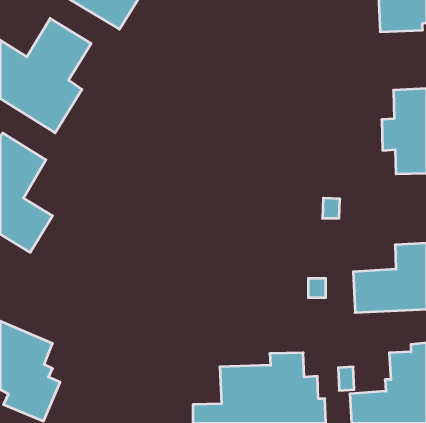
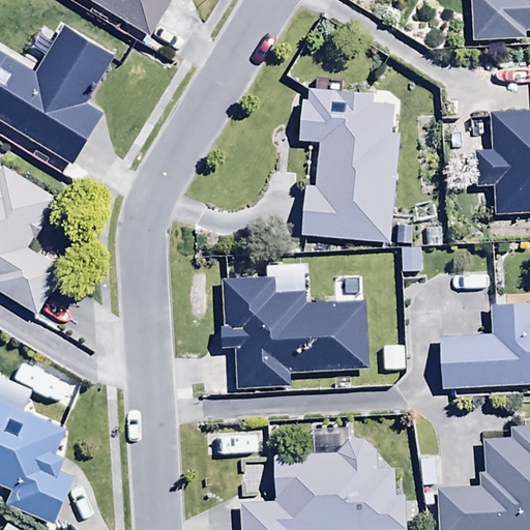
building: none -> [298,87,400,249]
building: none -> [219,276,369,388]

